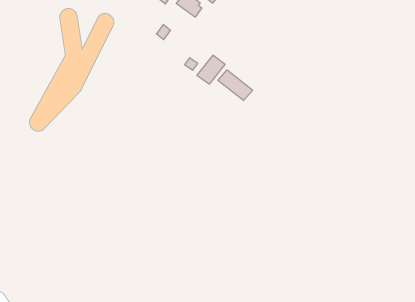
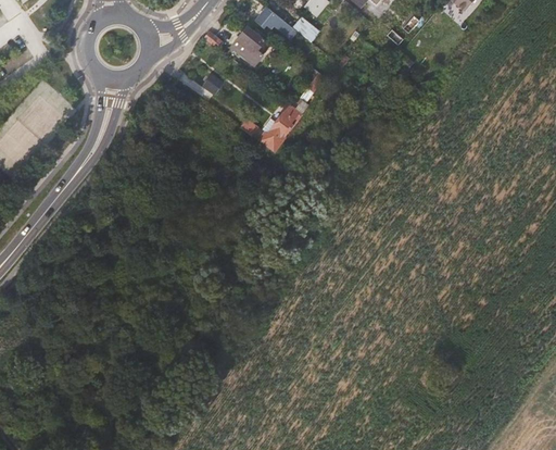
building: [218,70,253,101] -> none

